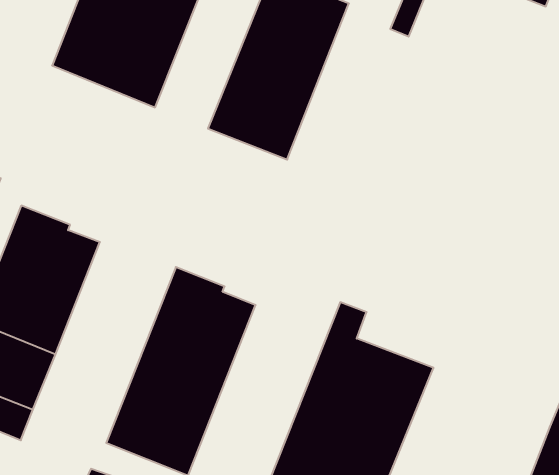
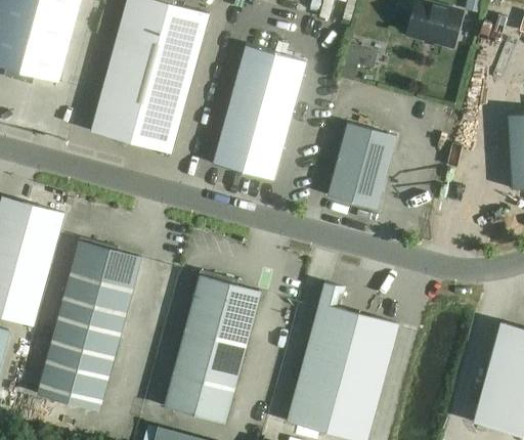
building: none -> [328,123,396,209]

